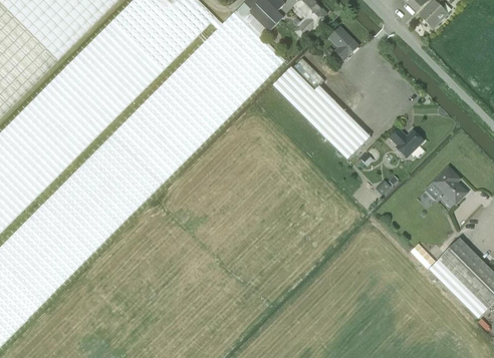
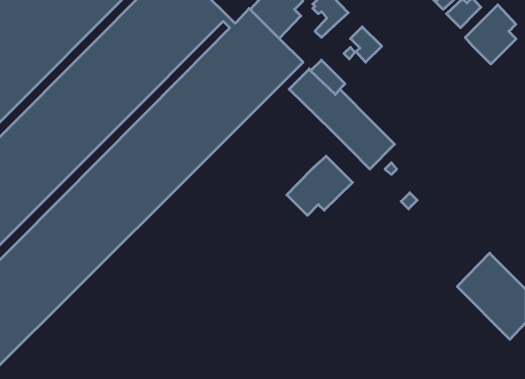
building: none -> [465,5,516,64]
building: [389,128,423,157] -> none
building: none -> [287,156,353,215]
building: [424,166,467,205] -> none

